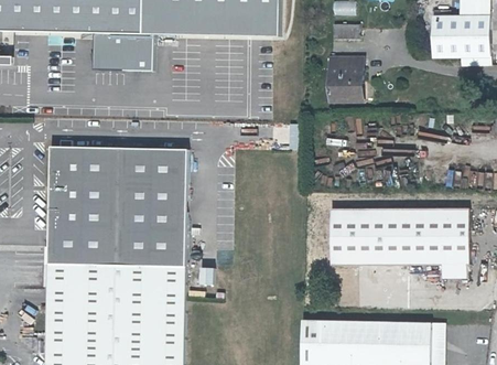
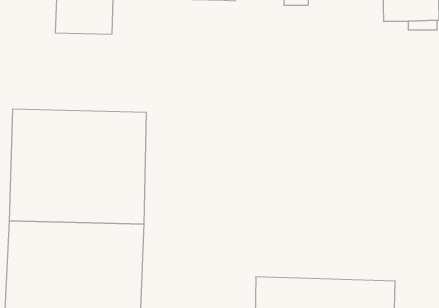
building: [327,55,363,103] -> none
building: [329,207,468,278] -> none

